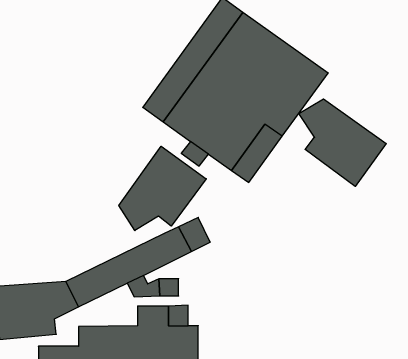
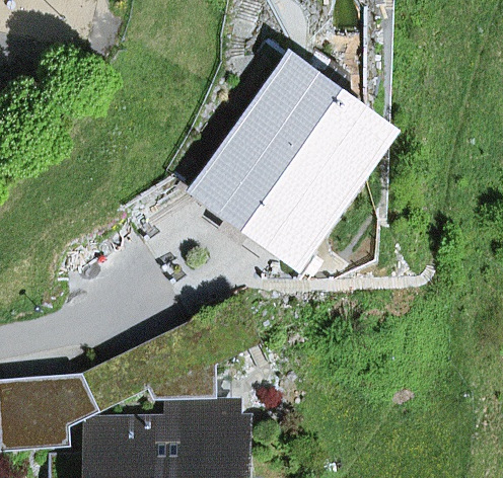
building: [299,99,386,186] -> none
building: [119,146,206,231] -> none

